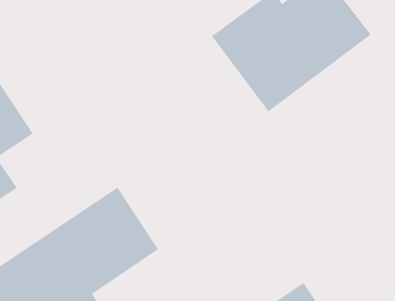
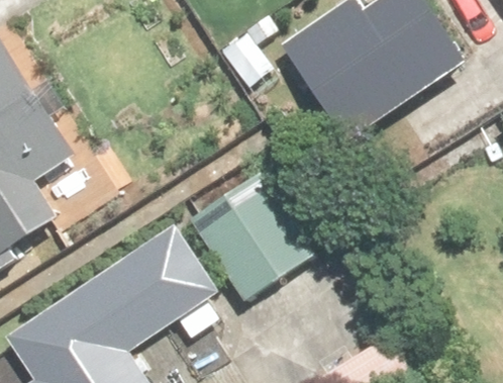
building: none -> [185,174,309,301]

